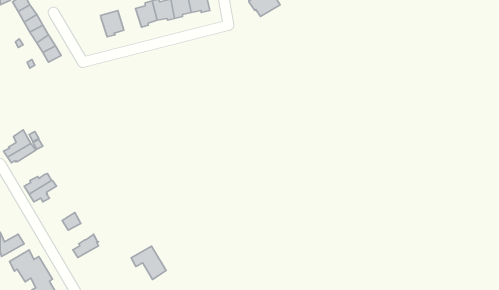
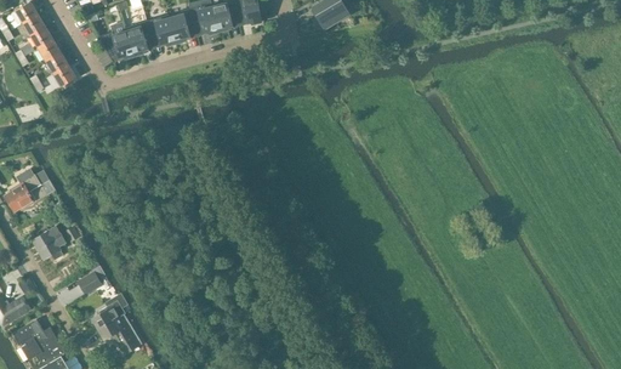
building: none -> [147,13,176,45]
building: none -> [98,30,133,58]
building: [131,246,166,279] -> [97,313,141,354]

